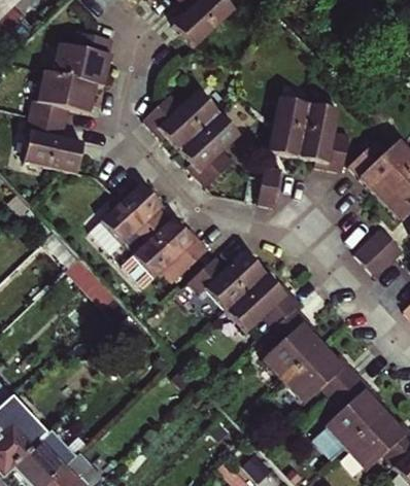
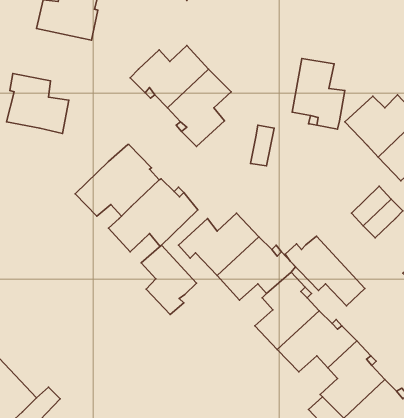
building: [29,74,95,126] -> none
building: [267,98,306,155] -> none
building: none -> [285,236,365,306]
building: none -> [141,245,197,315]

